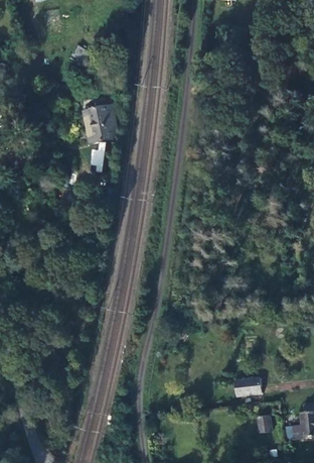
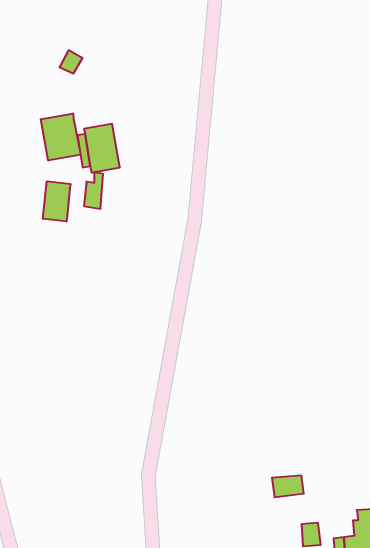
building: none -> [41,113,80,161]
building: none -> [43,181,70,222]

